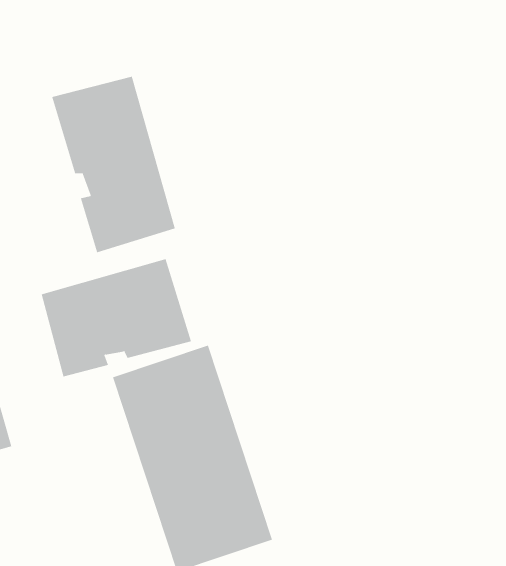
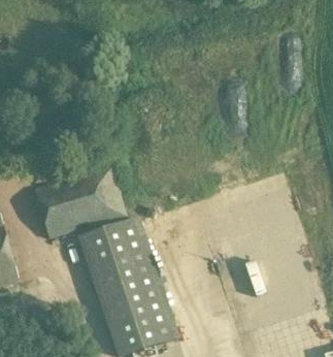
building: [51,76,176,253] -> none

